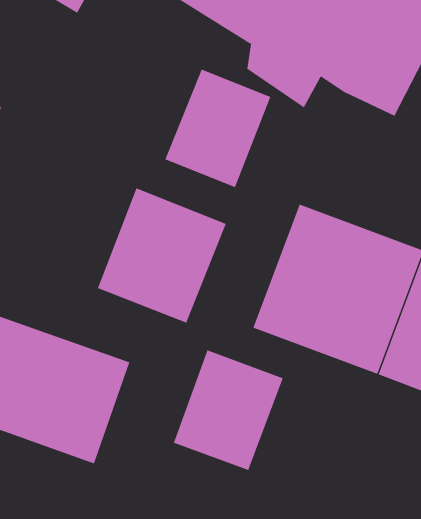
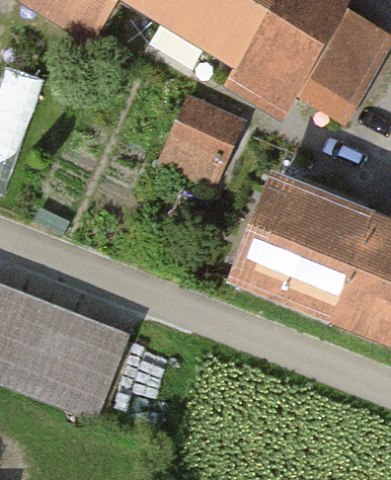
building: [97,188,227,323] -> none
building: [173,349,283,471] -> none

